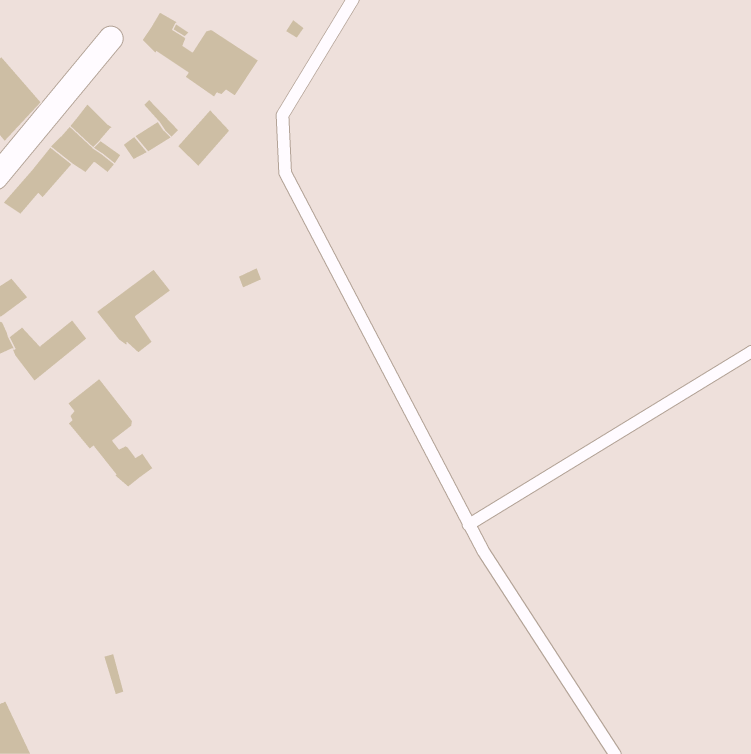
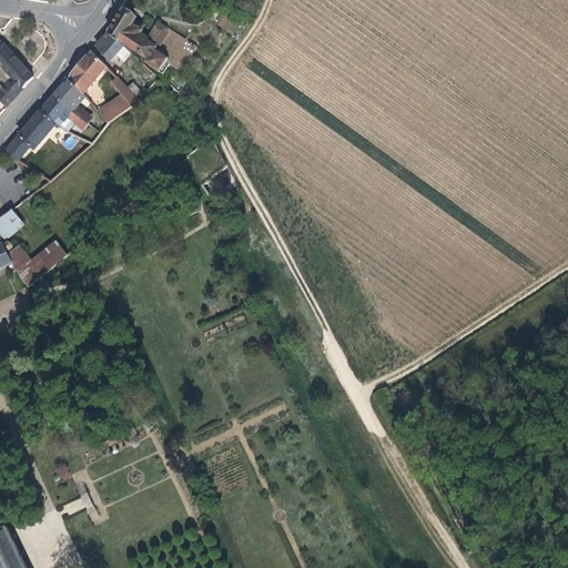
building: none -> [94,30,128,60]
building: [178,109,229,167] -> [65,50,104,93]
building: [96,269,171,353] -> none
building: [67,378,153,488] -> none

